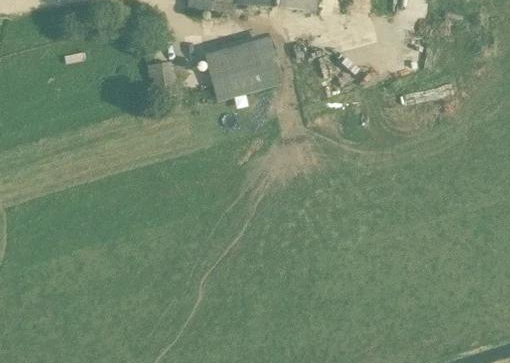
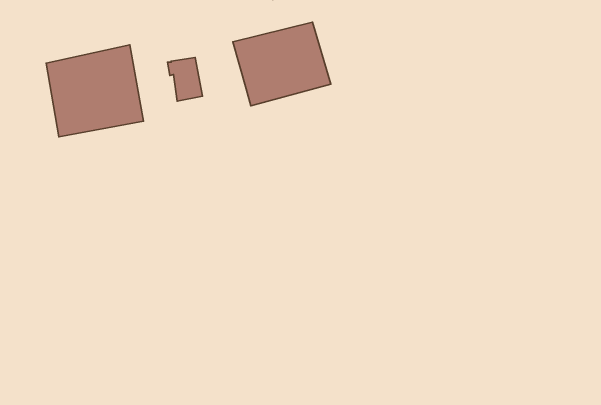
building: none -> [46,45,144,137]

